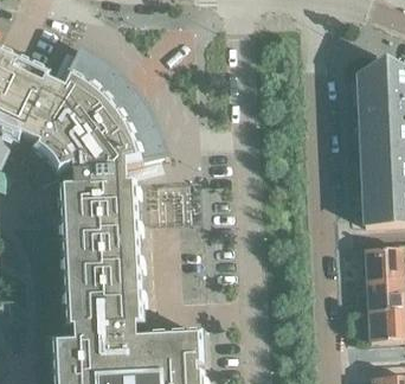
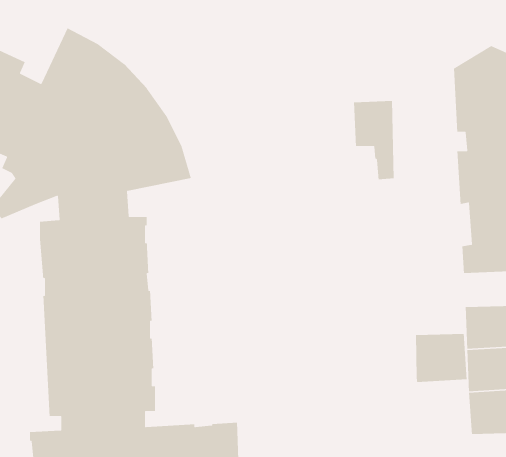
building: none -> [353,100,395,180]
building: none -> [415,333,468,383]

